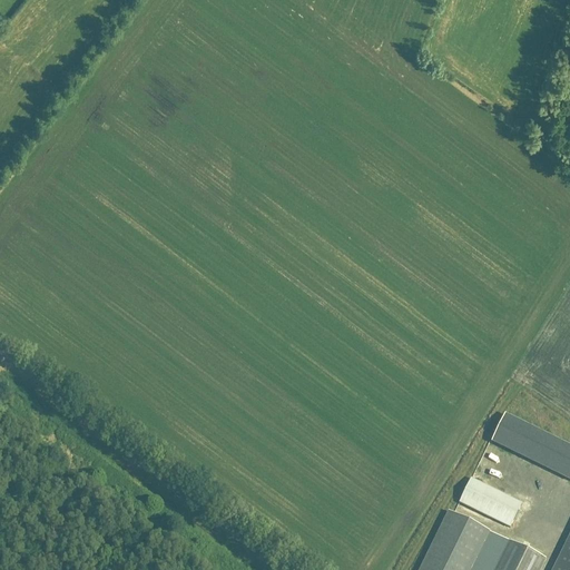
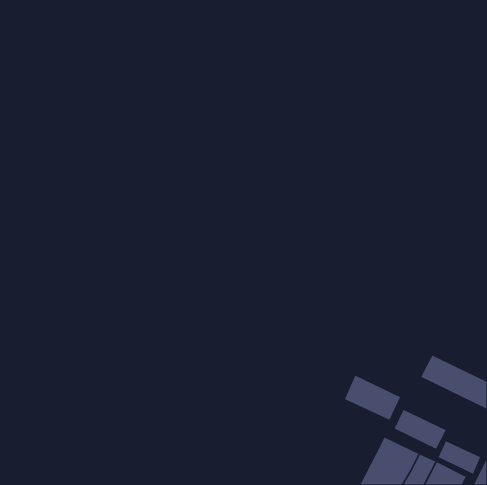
building: none -> [344,375,401,421]
building: none -> [437,440,481,475]

